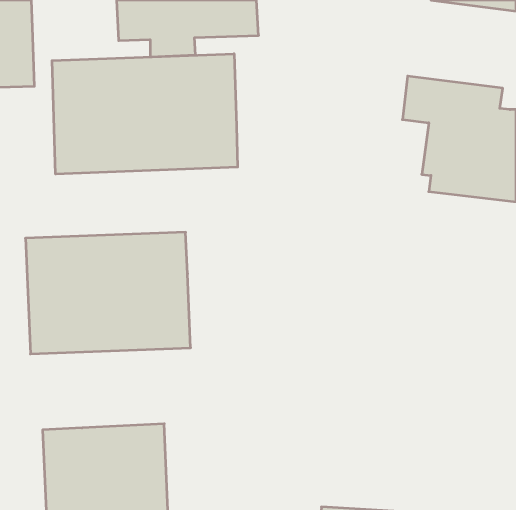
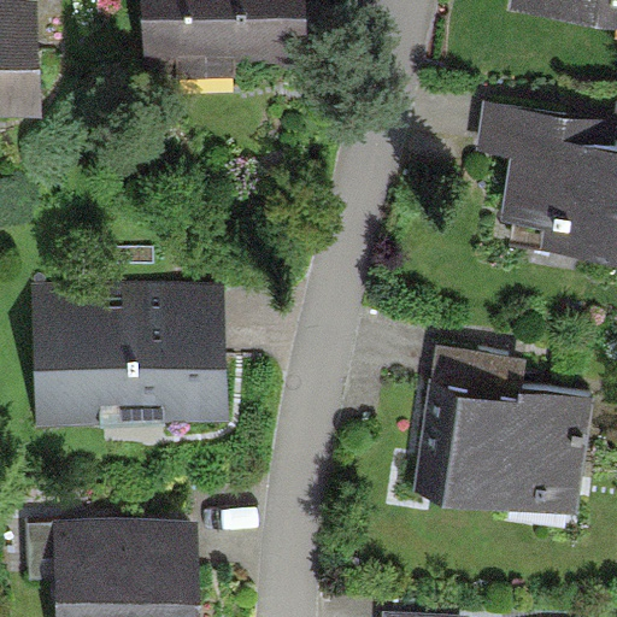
building: [52,54,238,174] -> none
building: none -> [440,380,594,515]

